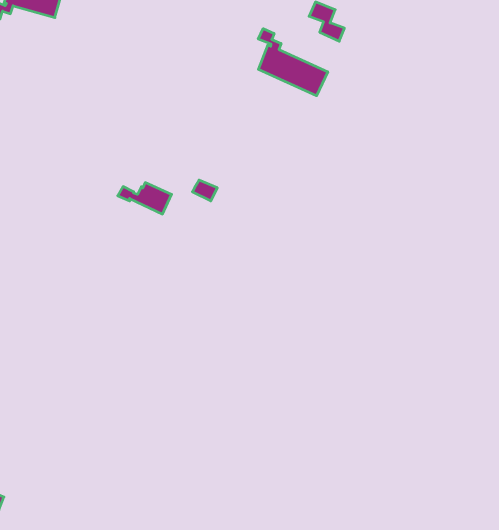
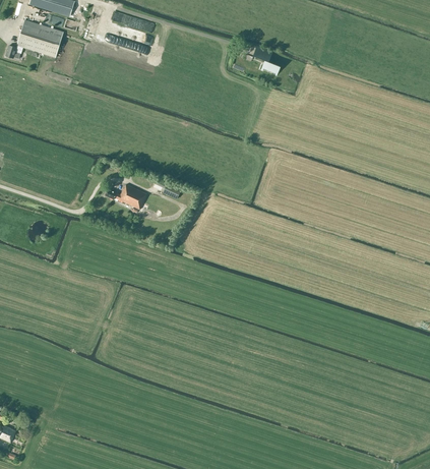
building: [258,29,328,96] -> none

